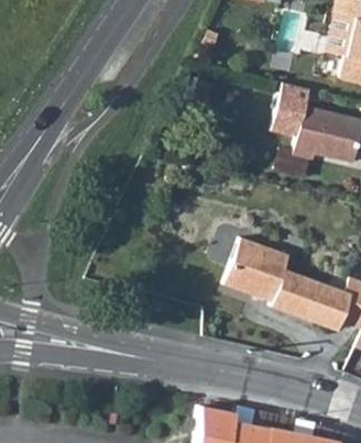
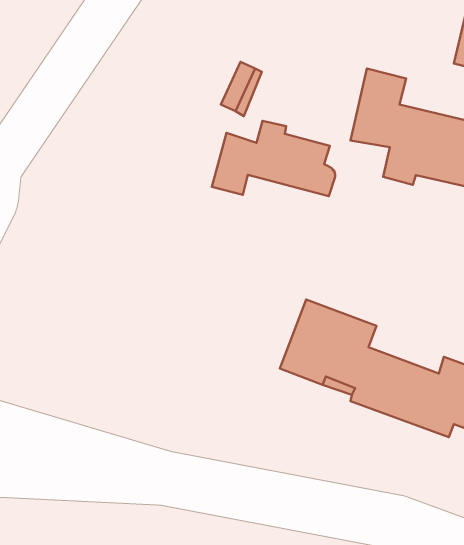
building: none -> [212,121,335,196]

